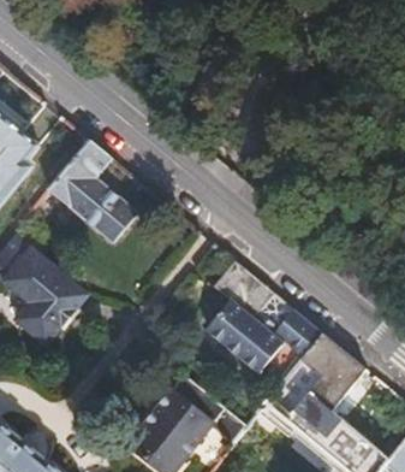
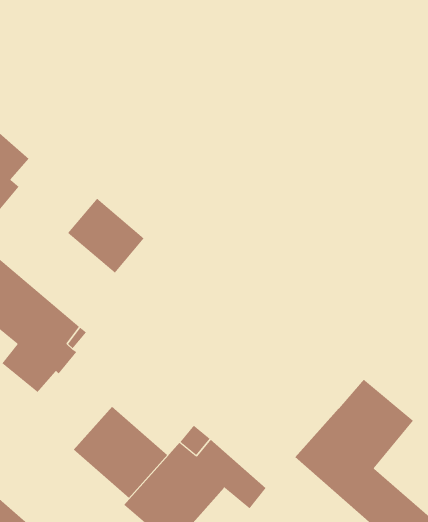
building: [47,140,112,208] -> none
building: [208,259,323,370] -> none
building: none -> [73,406,168,499]

